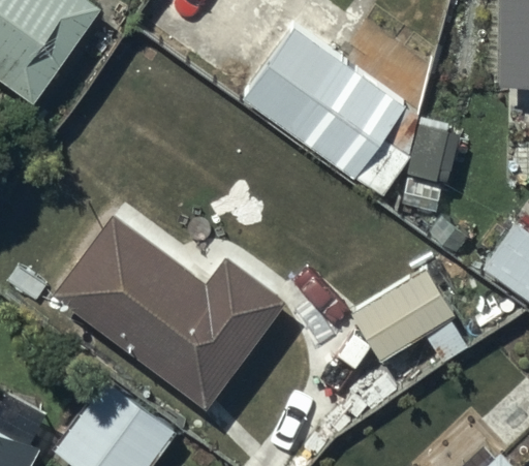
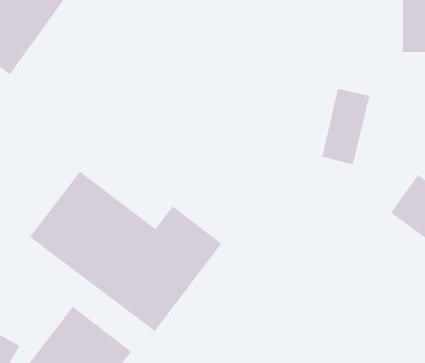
building: [244,24,407,180] -> none
building: [351,266,468,363] -> none

